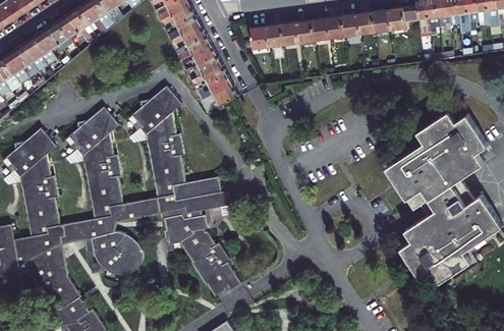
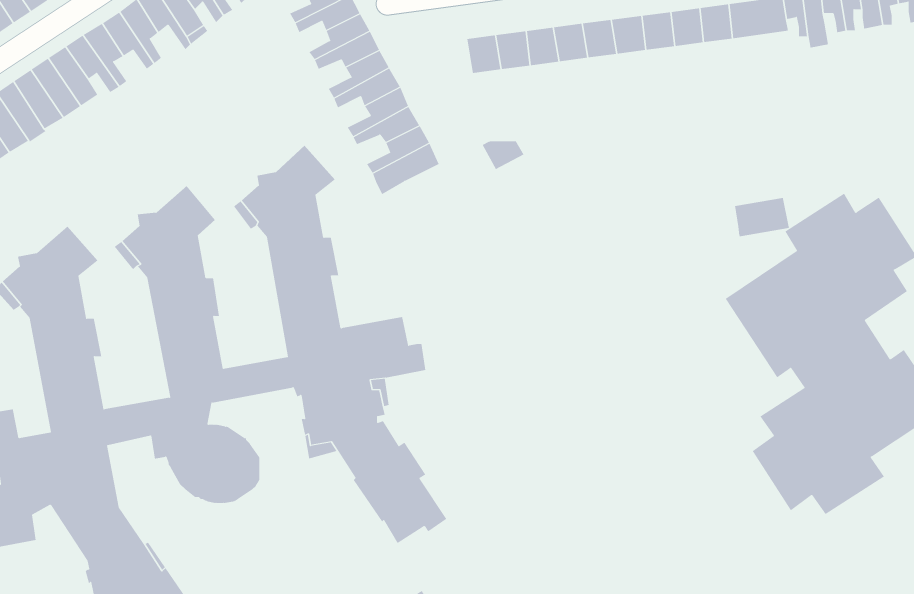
building: none -> [735,197,789,237]

